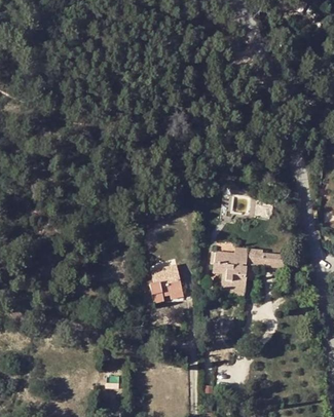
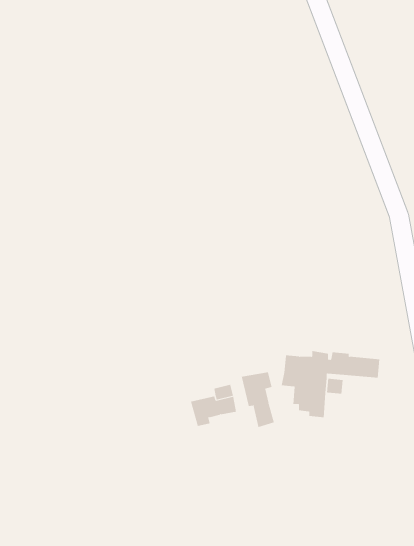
building: none -> [241,371,275,428]

